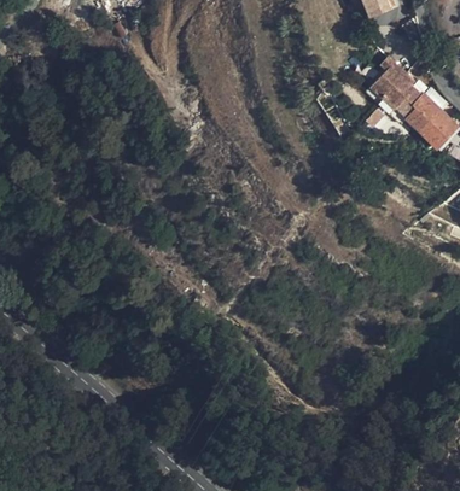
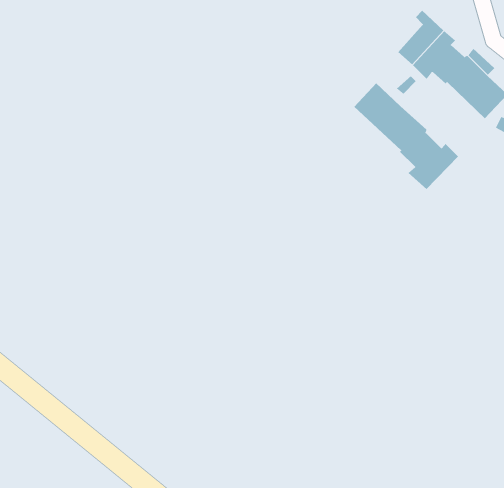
building: none -> [353,82,459,190]

